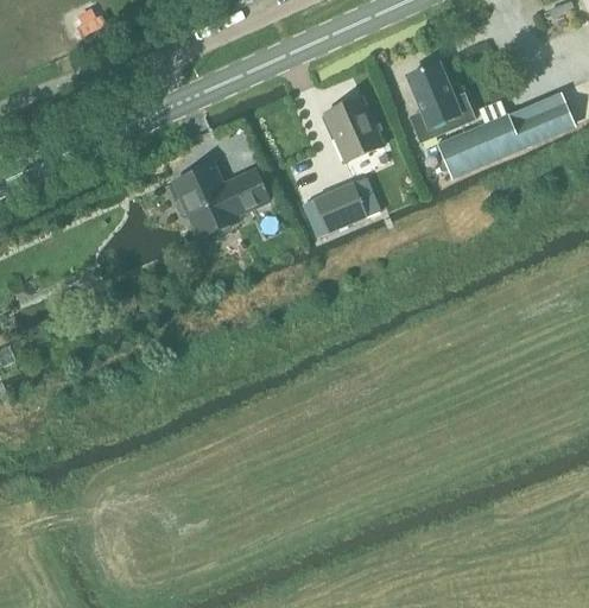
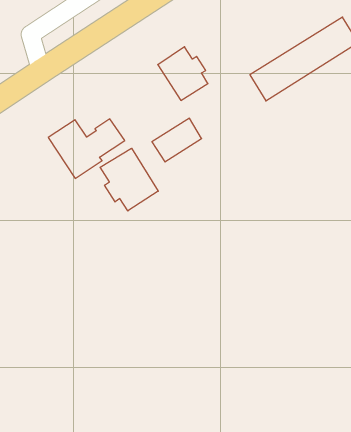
building: [408,63,475,142] -> none
building: none -> [100,148,158,211]

